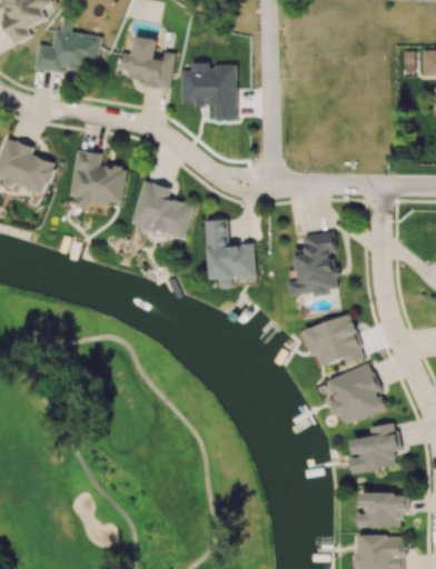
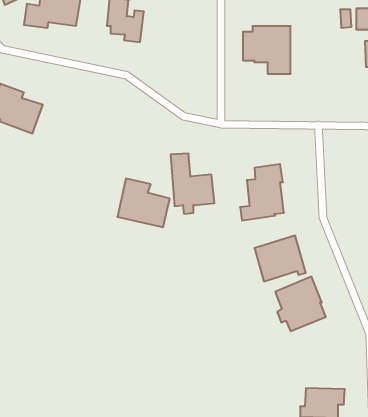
building: [180,64,236,120] -> [243,26,291,74]
building: [70,150,126,207] -> none
building: [131,181,192,238] -> [117,179,170,227]
building: [349,422,399,473] -> none

